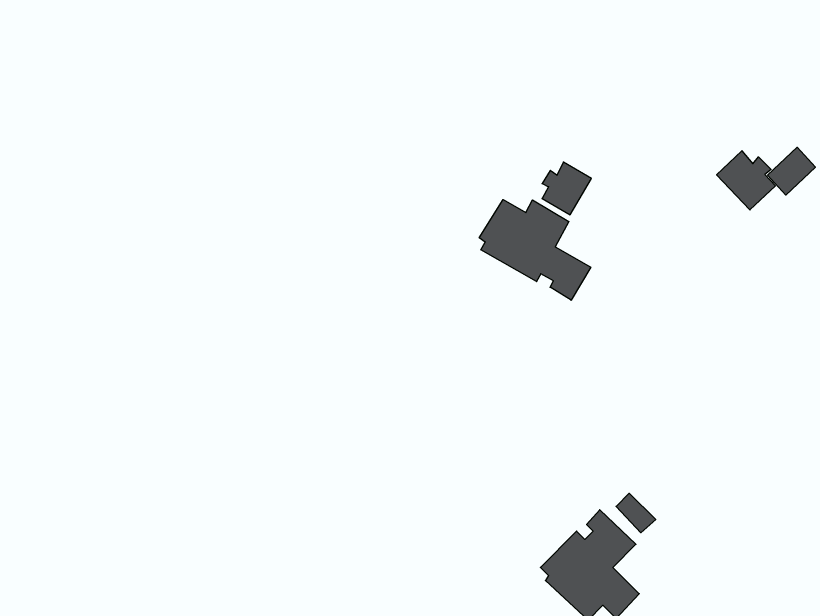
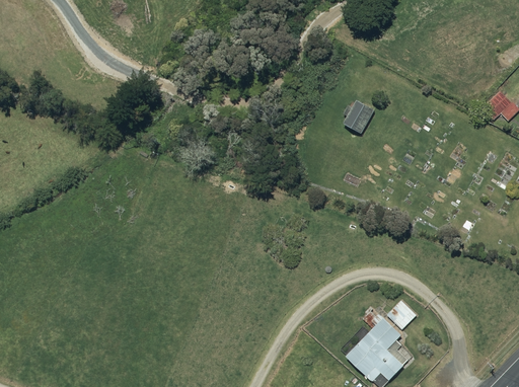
building: [717,151,775,210] -> none
building: [479,200,591,300] -> none

